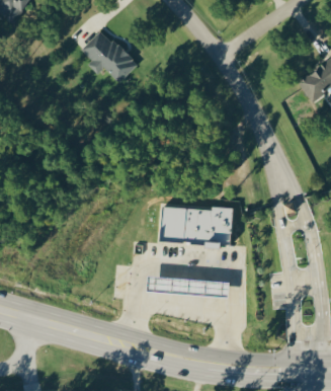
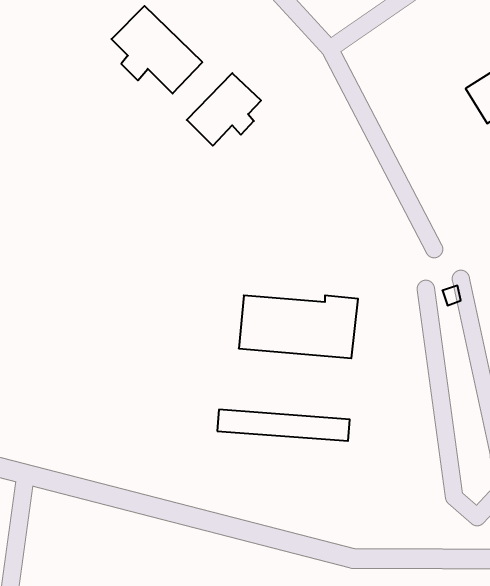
building: none -> [187,73,261,146]

